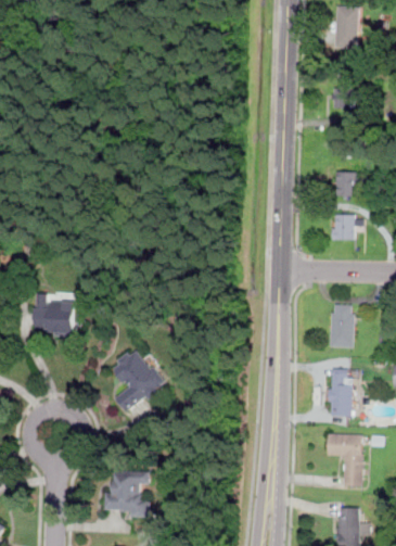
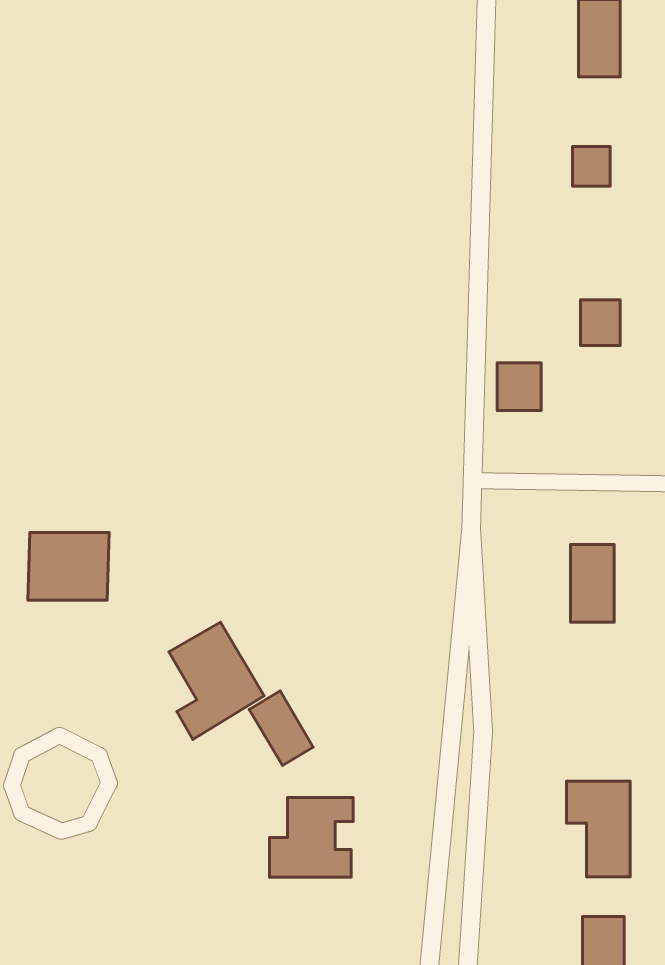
building: [331,214,355,240] -> [497,363,541,410]
building: [329,369,352,416] -> none
building: none -> [249,691,313,765]
building: [104,471,150,515] -> [270,798,353,877]

